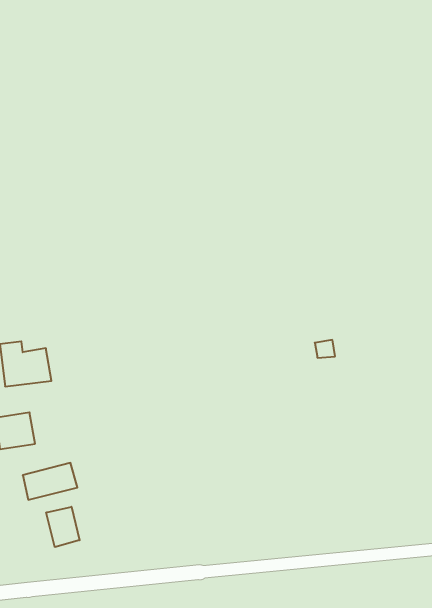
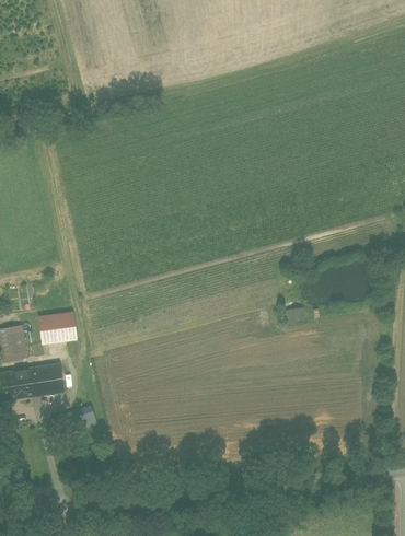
building: [46,507,80,547] -> none

